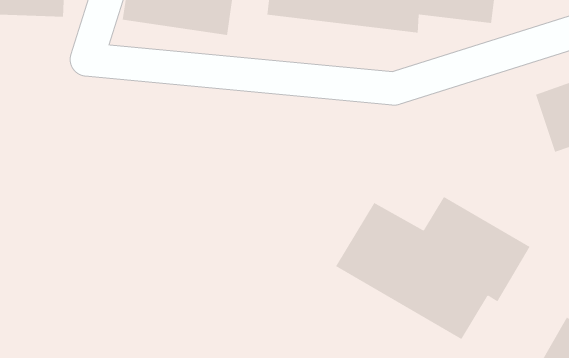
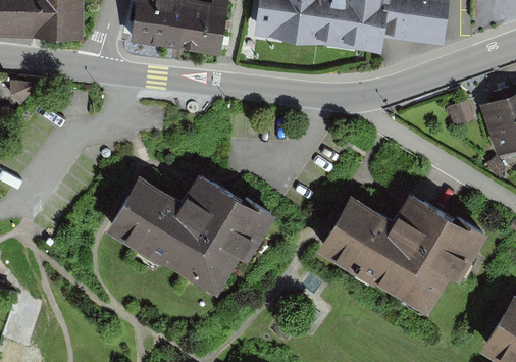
building: none -> [103,170,268,292]

